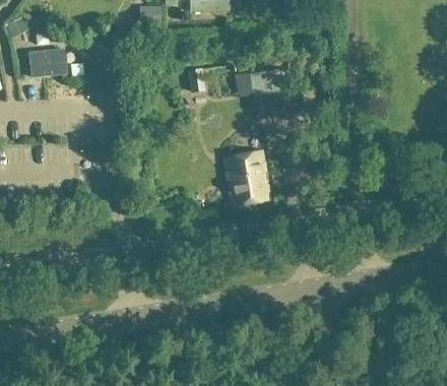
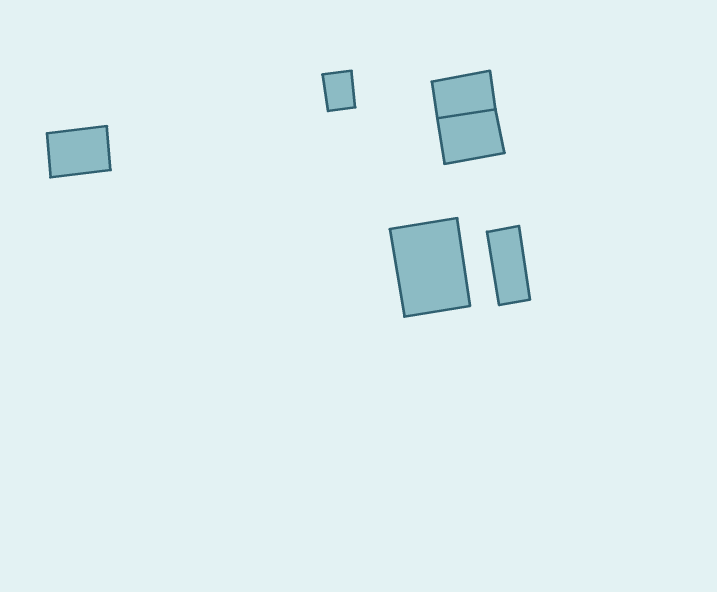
building: [29,50,65,78] -> [47,126,111,177]
building: none -> [487,226,530,305]

